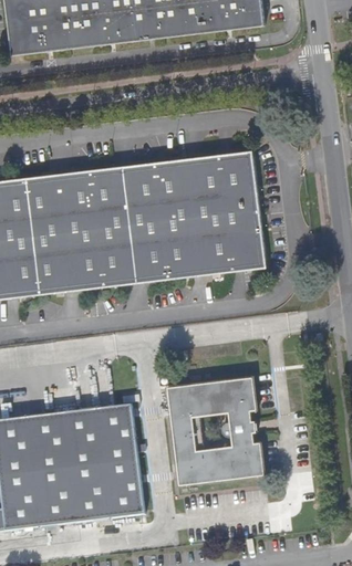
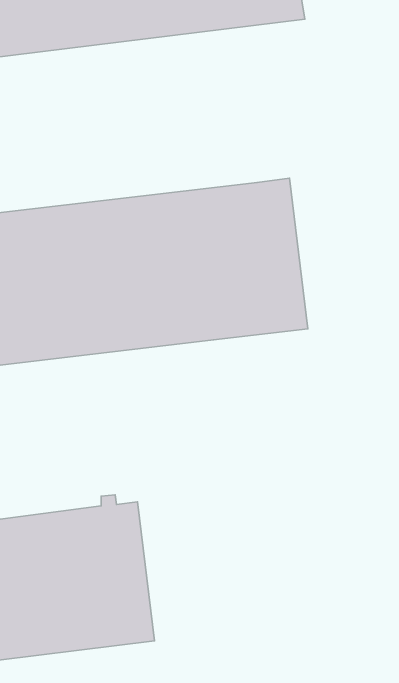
building: [166,375,263,484] -> none

